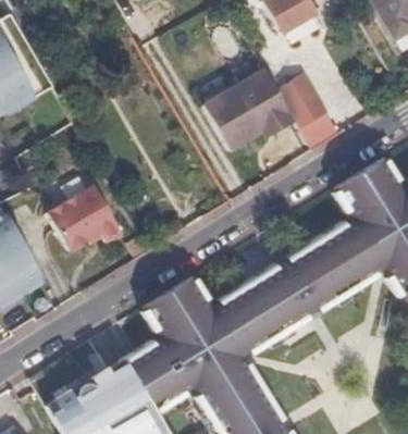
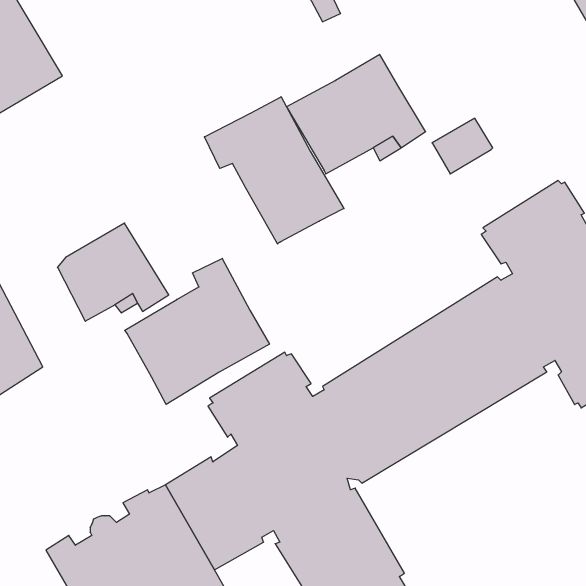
building: [276,75,327,129] -> none
building: none -> [204,97,344,244]
building: none -> [125,258,269,404]

